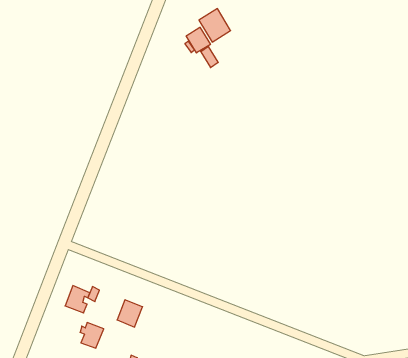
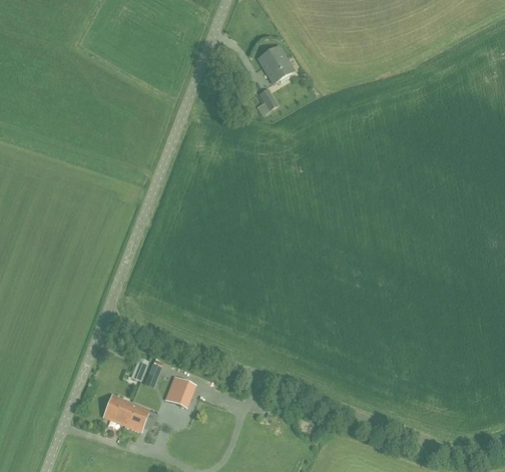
building: [186,27,210,53] -> none
building: [65,286,90,313] -> [103,395,131,426]

